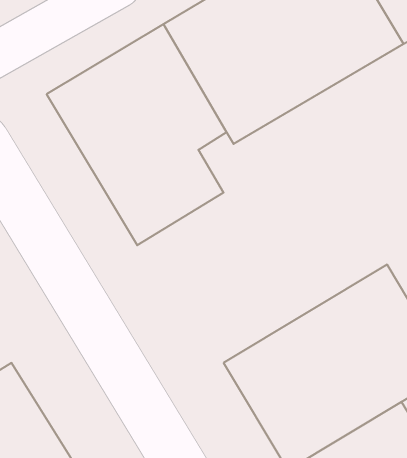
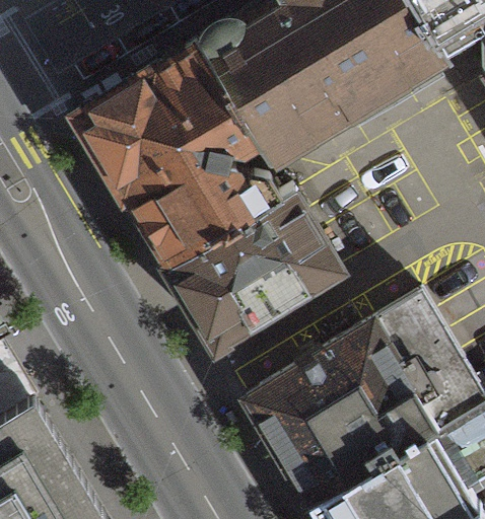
building: none -> [164,190,353,356]

